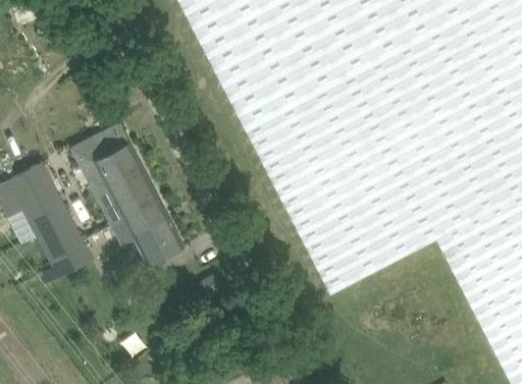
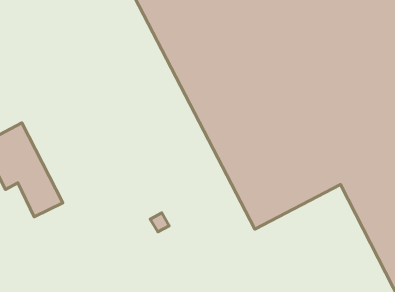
building: [70,119,185,263] -> none

